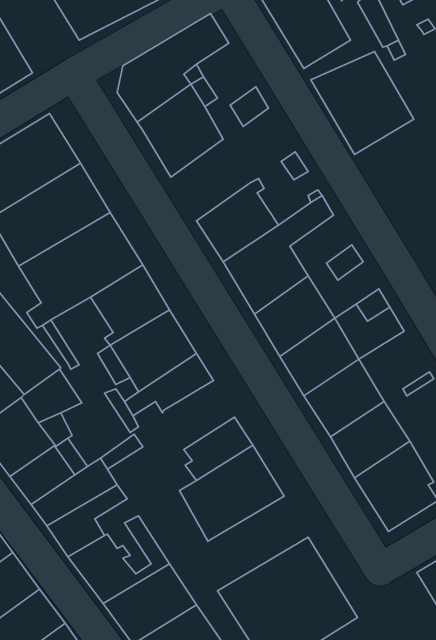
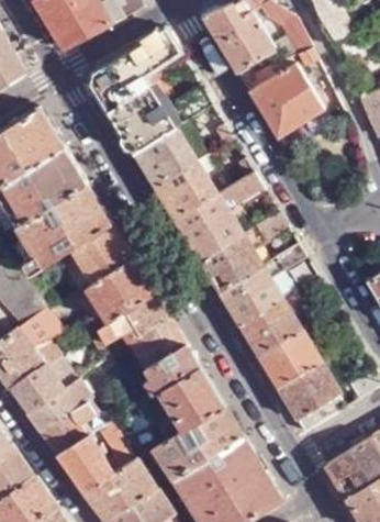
building: none -> [135,127,197,191]
building: none -> [128,315,185,369]
building: none -> [152,406,242,479]

